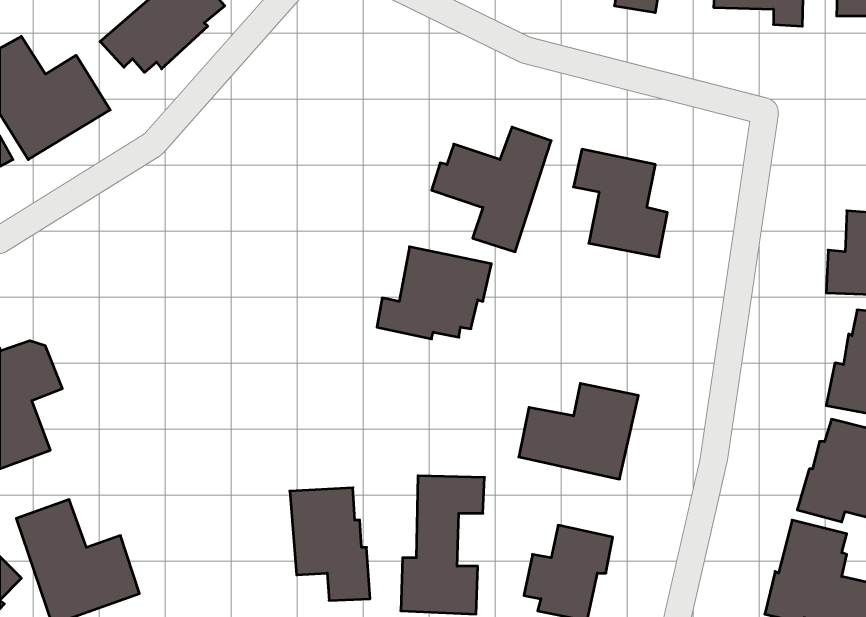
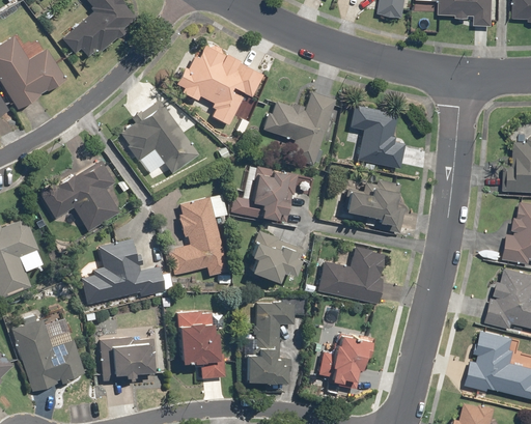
building: none -> [178,44,266,125]
building: none -> [119,98,201,174]
building: none -> [40,159,121,232]
building: none -> [343,179,407,232]
building: none -> [167,193,230,276]
building: none -> [250,229,307,281]
building: none -> [80,237,166,305]
building: none -> [100,336,158,380]

